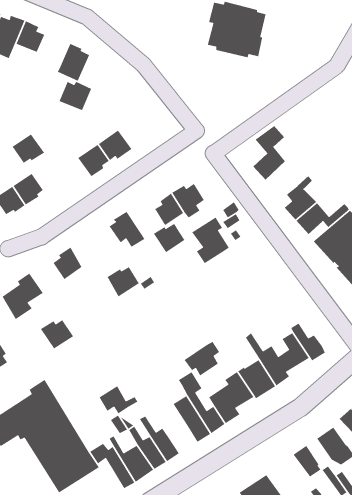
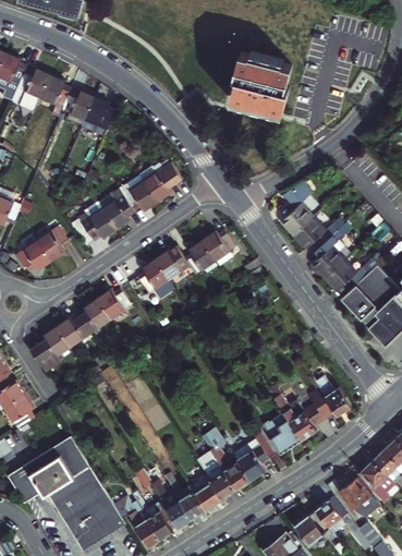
building: [59,81,92,111] -> [59,87,93,118]
building: none -> [142,165,179,202]
building: [12,133,45,164] -> [81,210,114,241]
building: none -> [290,214,341,246]
building: [191,217,230,264] -> none
building: [153,223,185,253] -> [150,253,183,283]
building: [106,266,140,298] -> [94,289,127,321]
building: [40,319,74,350] -> [52,316,87,347]
building: [183,341,220,376] -> none
building: [98,385,138,415] -> none
building: none -> [193,480,221,508]
building: none -> [296,509,338,544]

